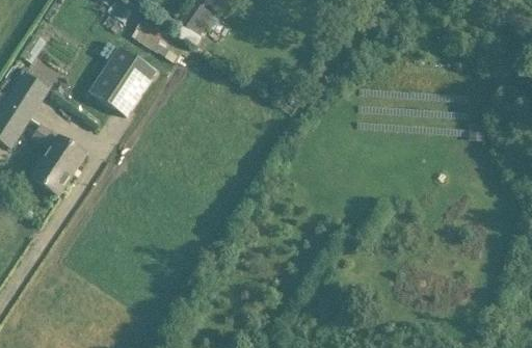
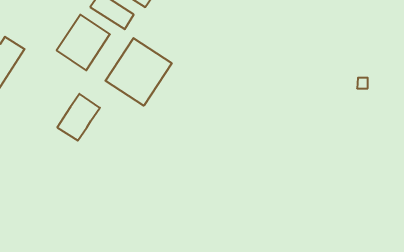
building: none -> [105,38,172,106]
building: [31,135,85,194] -> [57,94,100,141]

